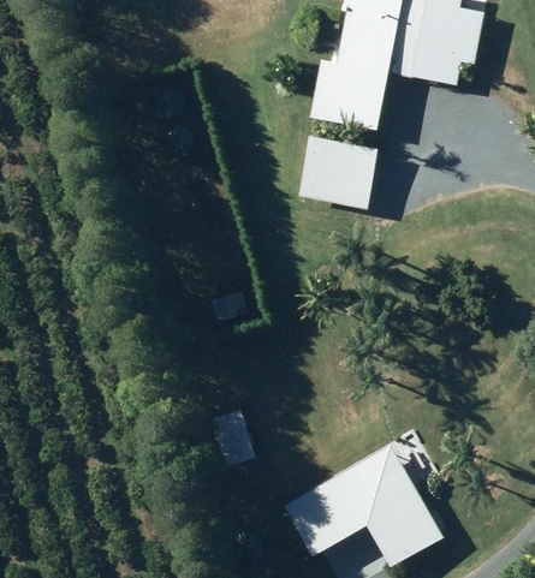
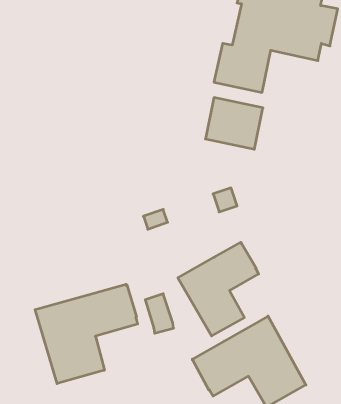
building: none -> [178,242,259,336]
building: none -> [35,284,138,384]

